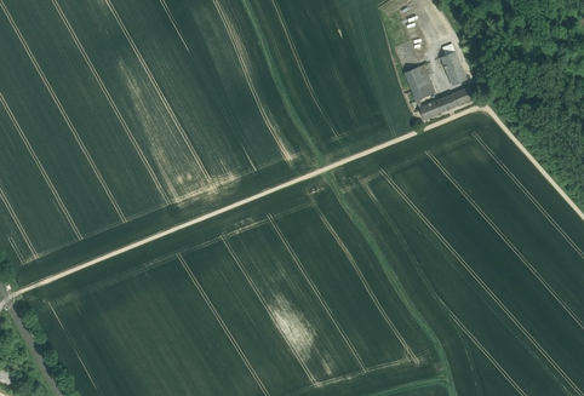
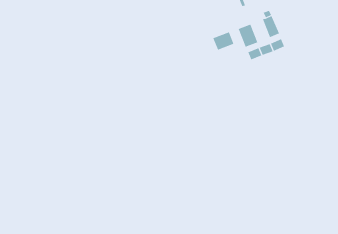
building: none -> [213,31,234,51]

